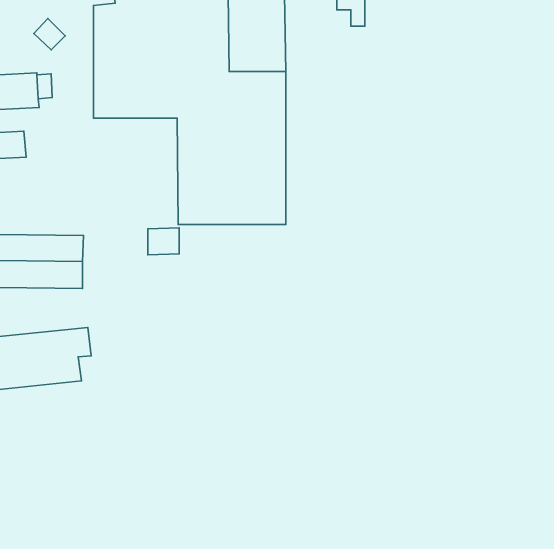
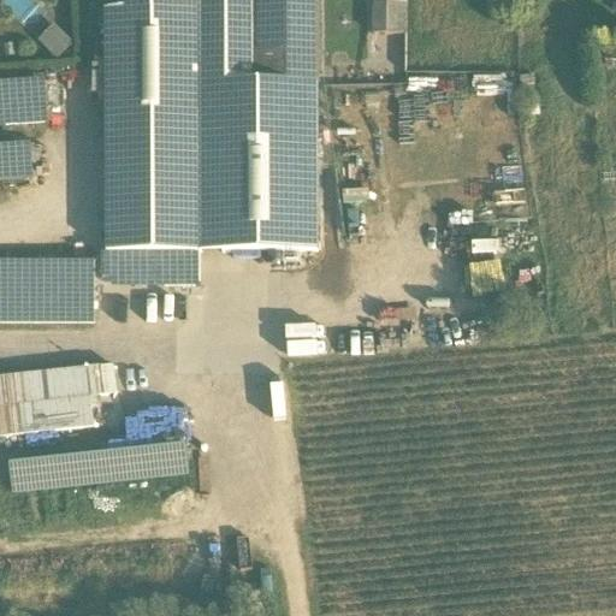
building: none -> [103,131,197,249]
building: none -> [100,254,164,278]
building: none -> [10,446,188,491]

